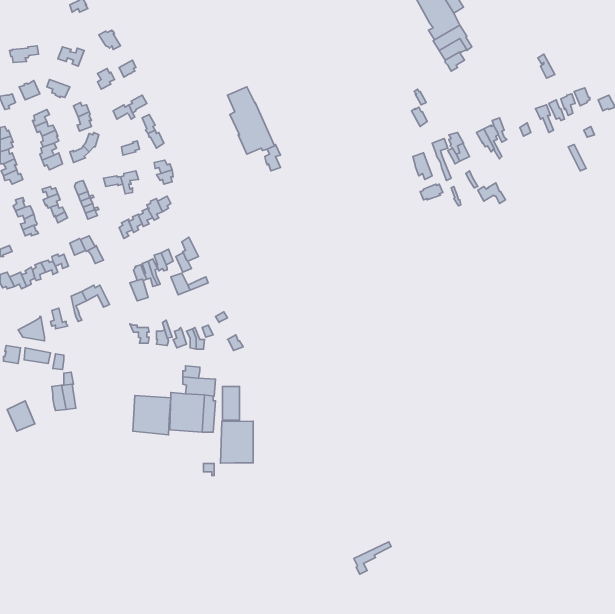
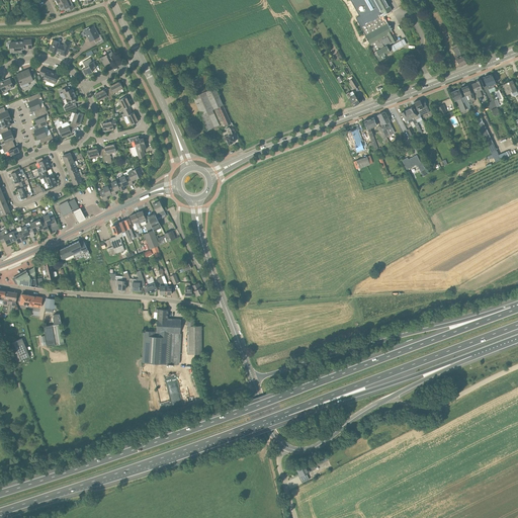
building: [133,395,171,435] -> none
building: [221,421,253,463] -> none

